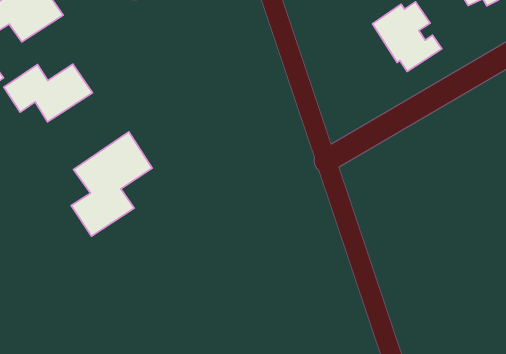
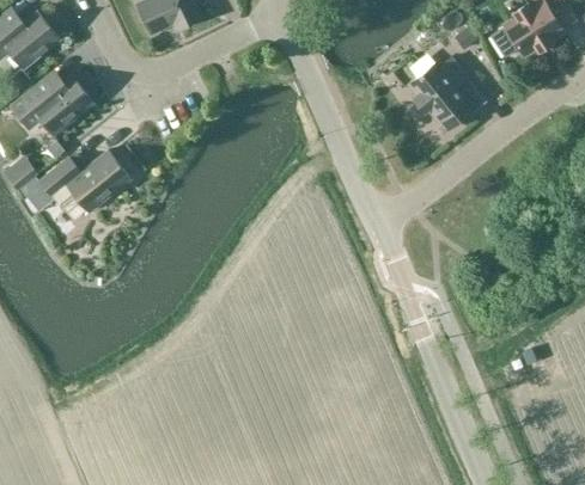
building: [71,132,152,236] -> none

